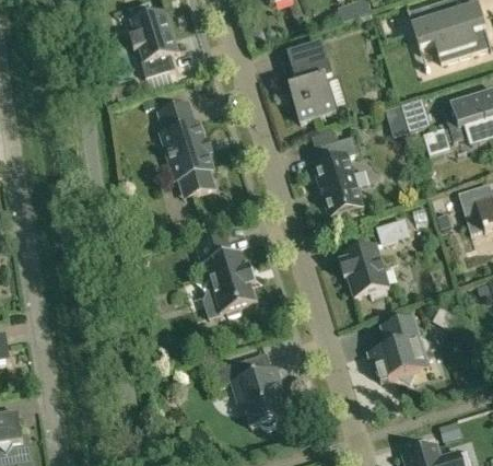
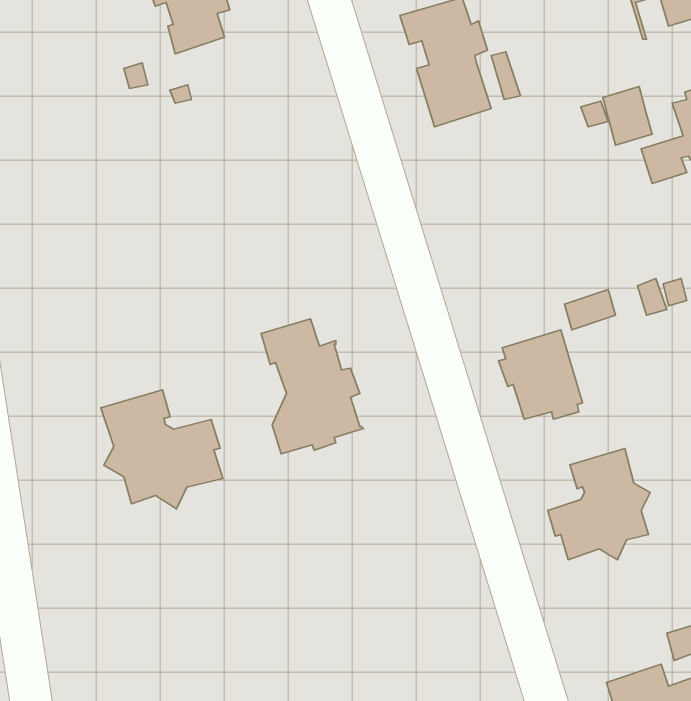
building: [159,102,215,194] -> none
building: [314,136,363,214] -> none
building: none -> [101,390,223,509]
building: [214,358,285,428] -> none

